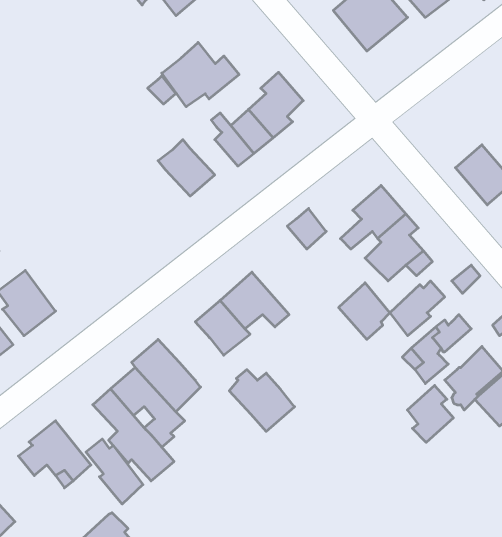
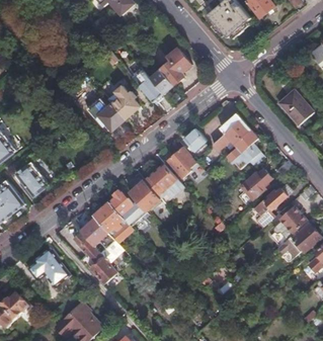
building: [162,42,239,107] -> none
building: none -> [97,104,126,132]
building: [339,283,390,339] -> [164,146,193,178]
building: [229,370,295,431] -> [107,189,145,225]
building: [407,385,453,442] -> none
building: [86,439,143,504] -> none

